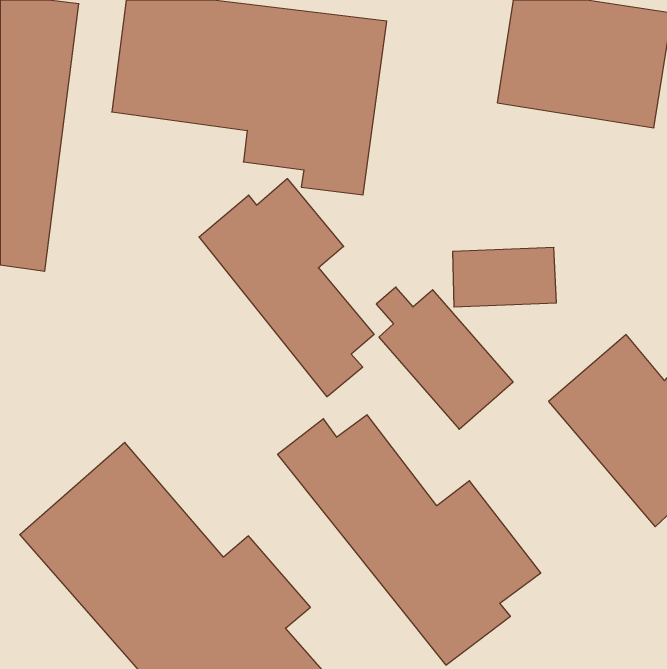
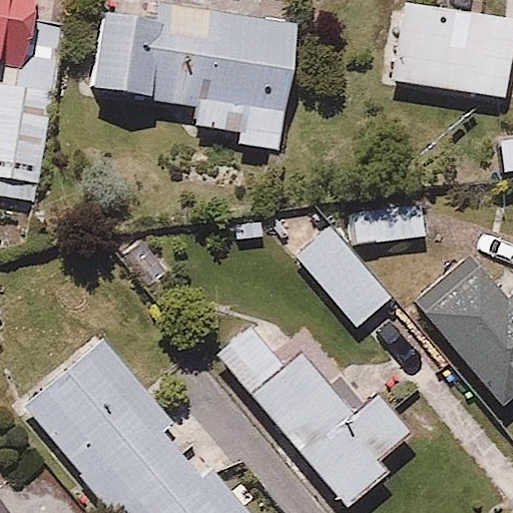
building: [199,179,374,397] -> none

